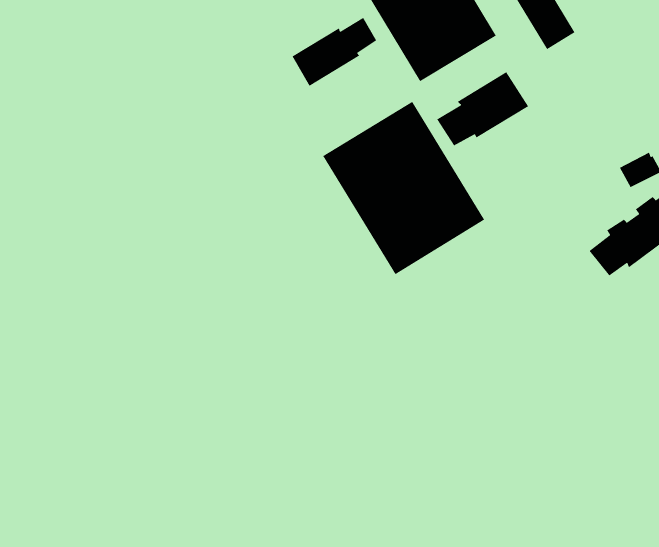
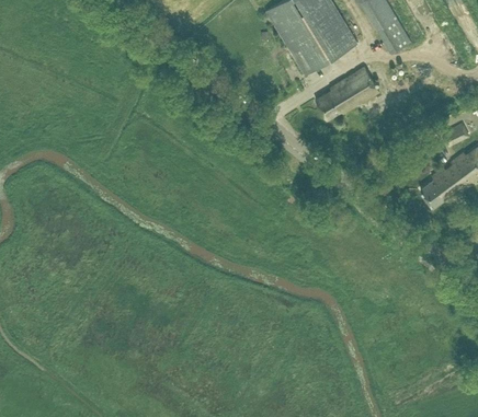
building: [292,17,377,87] -> none
building: [322,101,485,275] -> none

